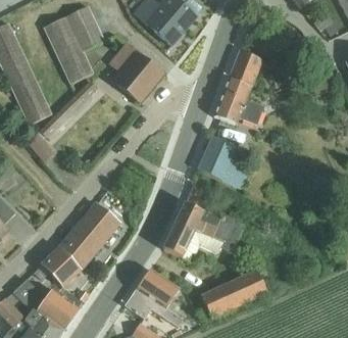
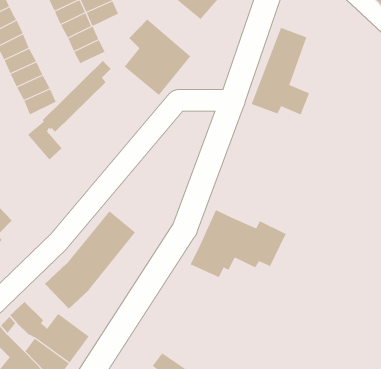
building: [197,135,247,187] -> none
building: [200,267,271,317] -> none
building: [125,268,183,326] -> none

